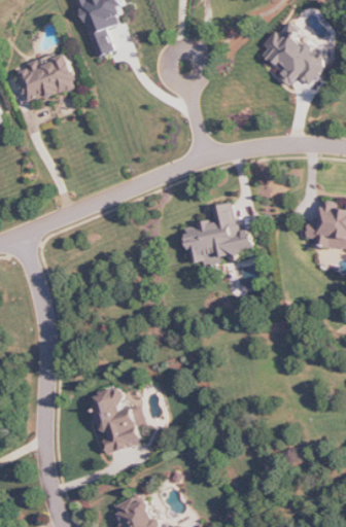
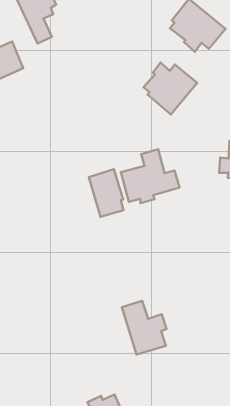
building: none -> [143,62,197,115]
building: none -> [89,169,124,217]
building: [92,387,144,452] -> [122,301,167,354]

